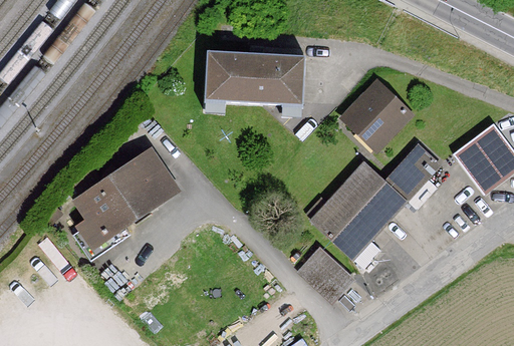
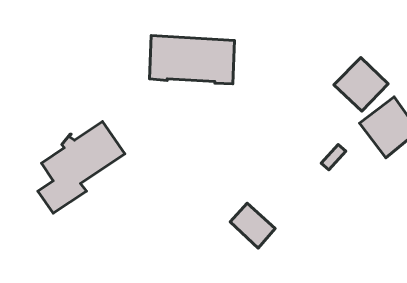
building: [346,81,411,144] -> [334,58,388,111]
building: [307,143,437,267] -> none

